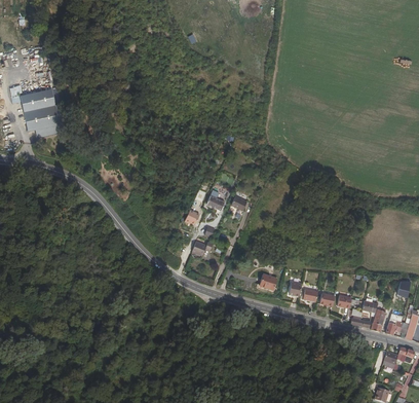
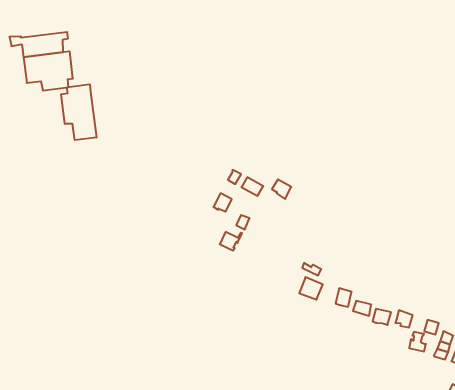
building: none -> [61,84,96,140]

